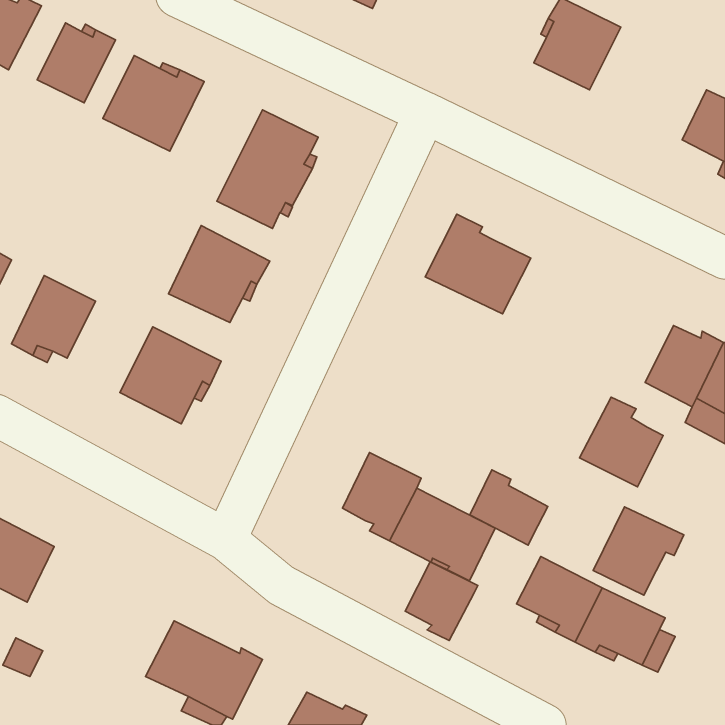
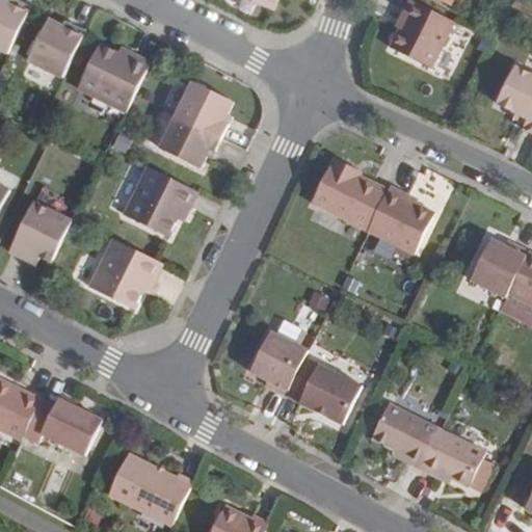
building: none -> [366,184,433,251]
building: [579,397,663,487] -> none
building: [470,470,548,545] -> none
building: [593,507,684,595] -> none
building: none -> [22,395,101,454]
building: [405,562,478,640] -> none

